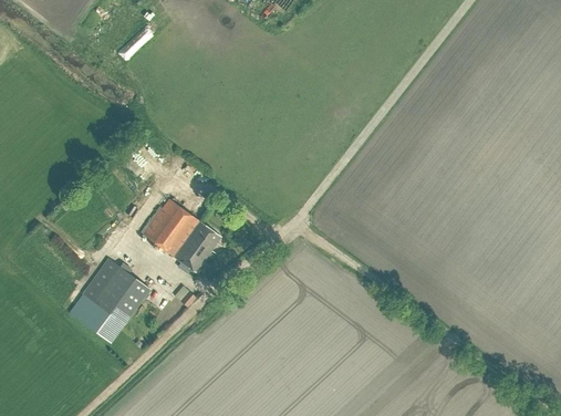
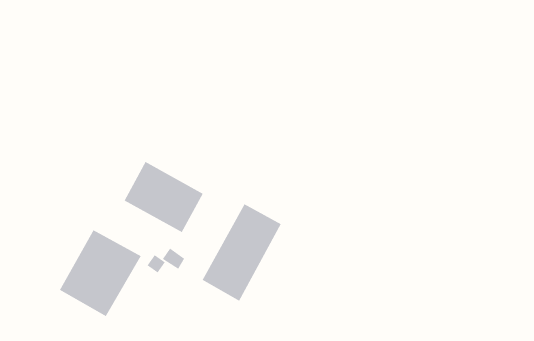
building: none -> [202,203,282,302]

